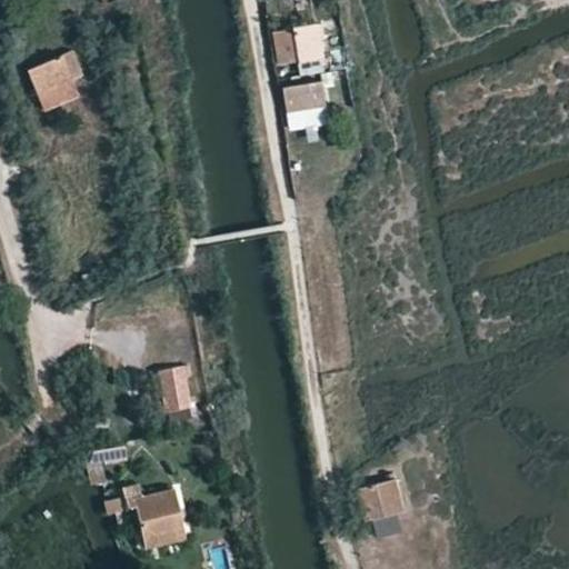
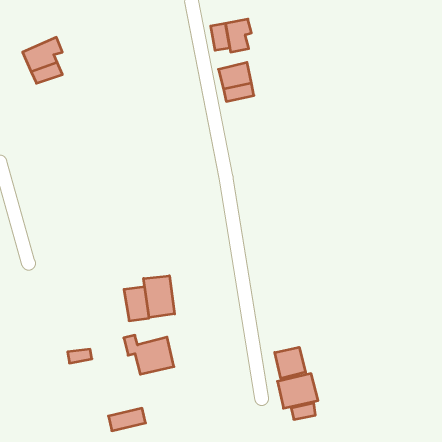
building: none -> [144,276,175,318]
building: none -> [275,347,306,378]
building: [119,485,183,535] -> [124,335,174,374]

